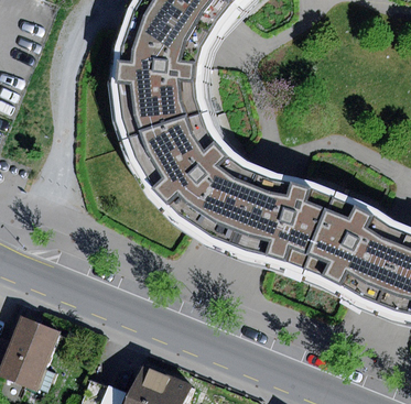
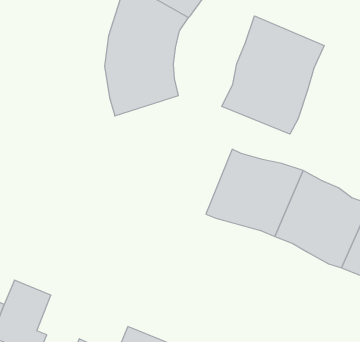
building: none -> [222,16,324,134]
building: [129,114,257,243] -> none

